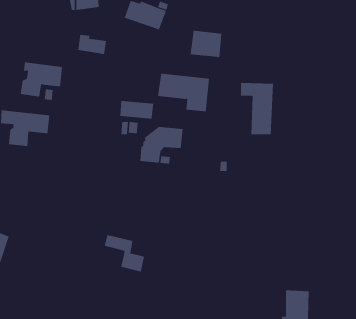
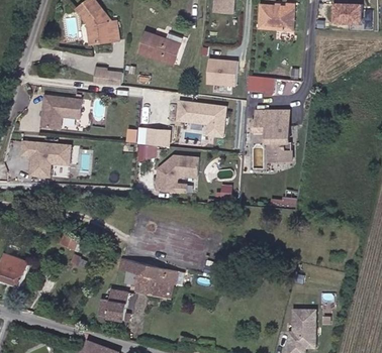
building: none -> [244,77,271,95]
building: none -> [146,263,185,298]
building: none -> [101,283,131,319]

